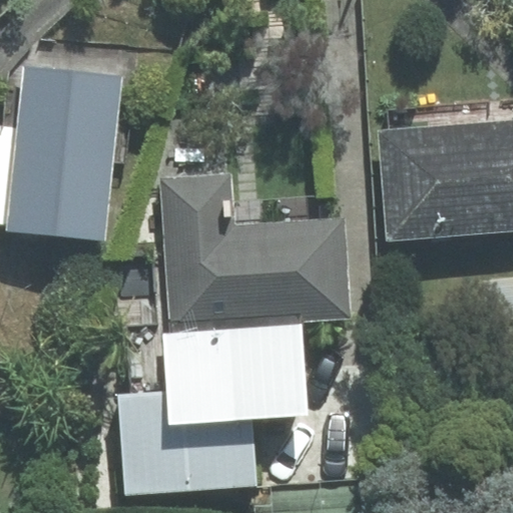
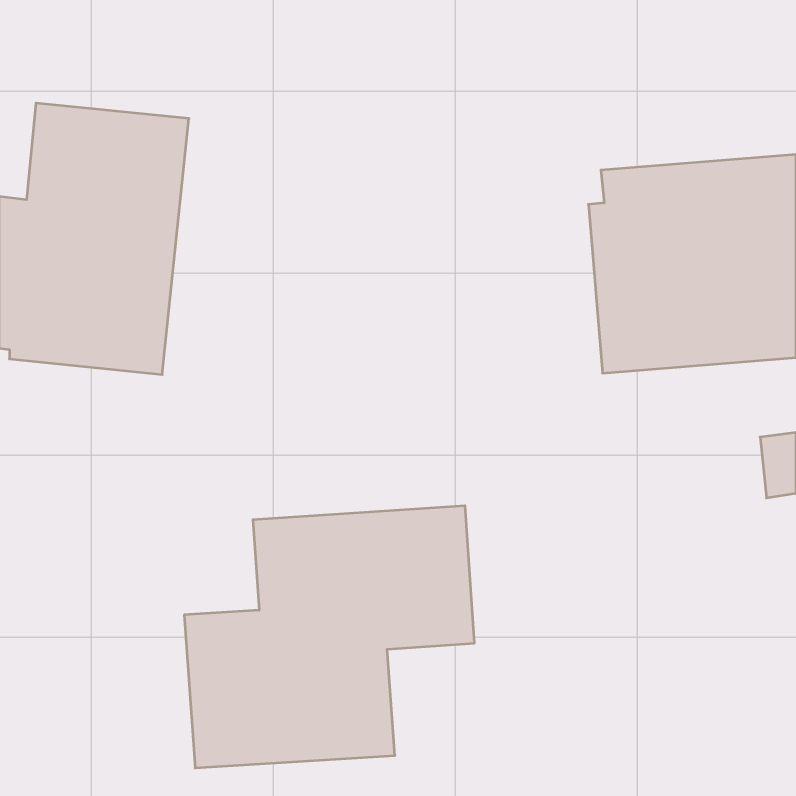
building: [162,177,349,329] -> none

